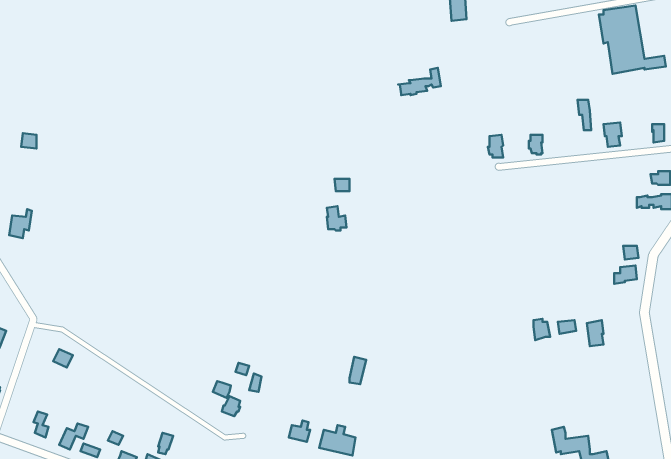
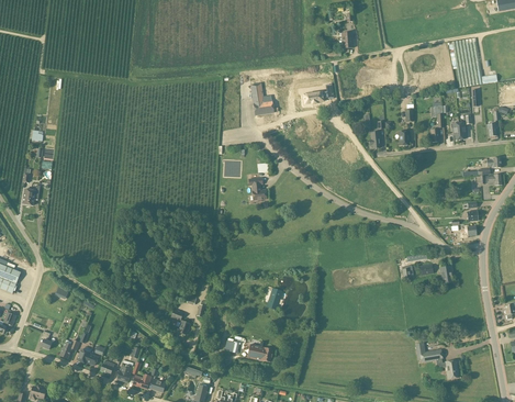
building: none -> [251,82,276,114]

